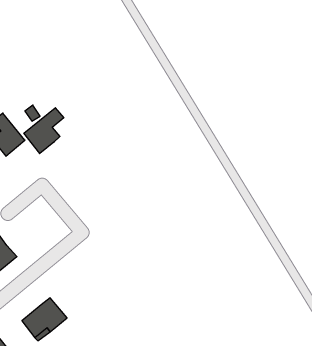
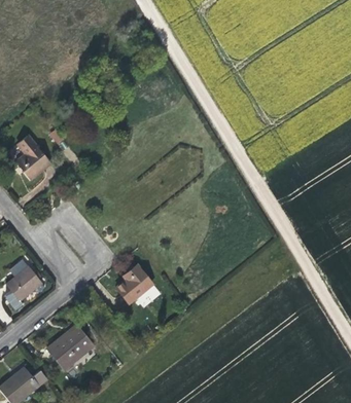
building: [24,108,64,154] -> none
building: none -> [116,264,153,303]

